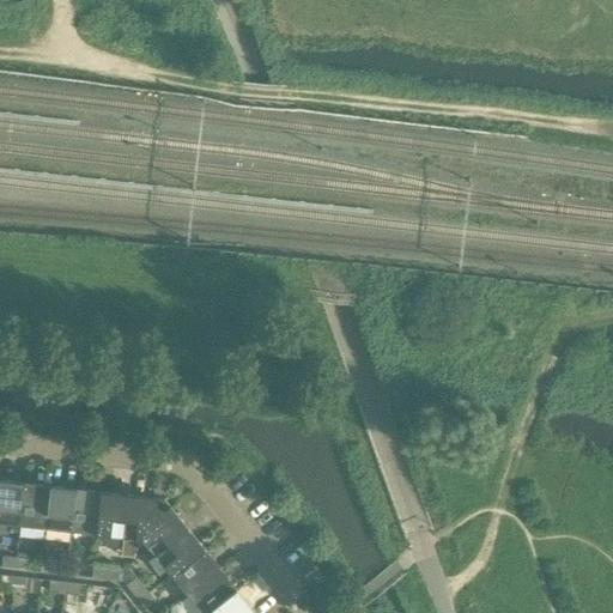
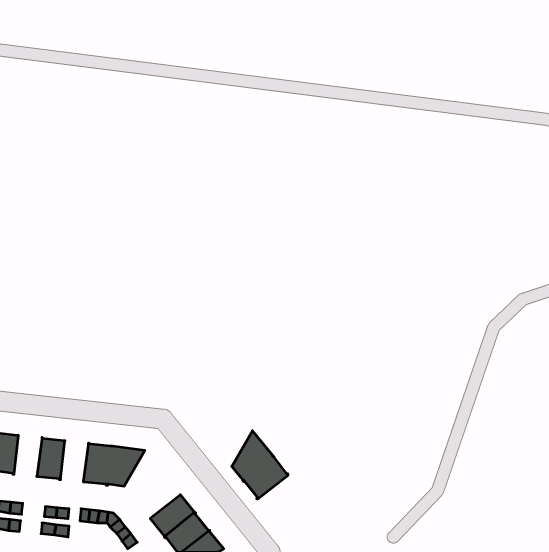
building: [16,482,47,528] -> none
building: [67,488,98,534] -> none
building: [138,499,200,575] -> [232,431,288,499]

